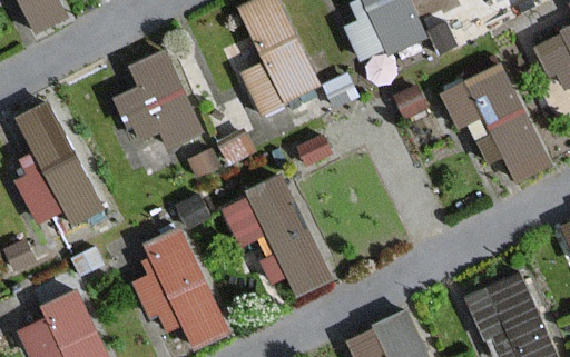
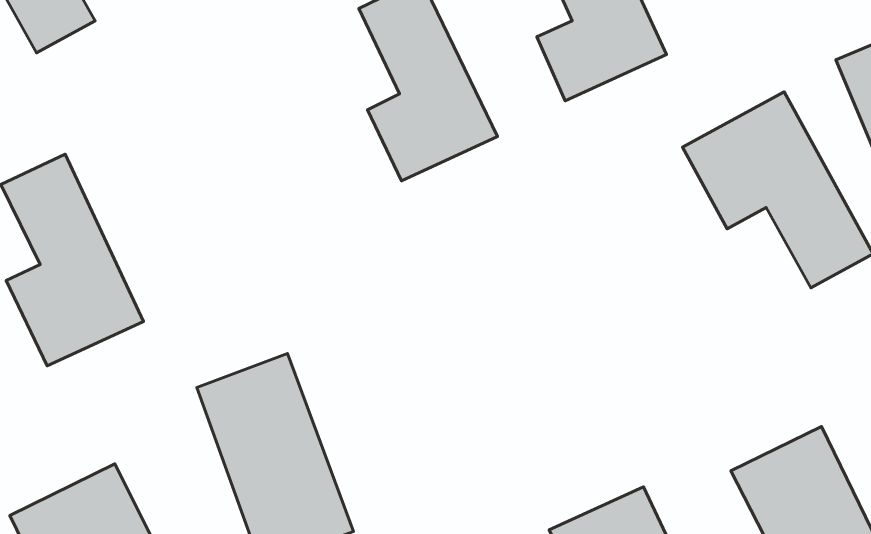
building: [109,57,204,157] -> none
building: [224,169,337,306] -> none

